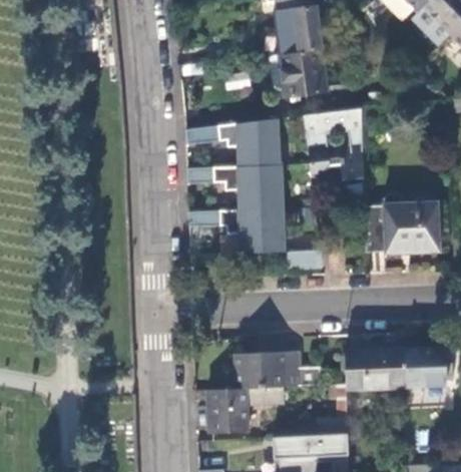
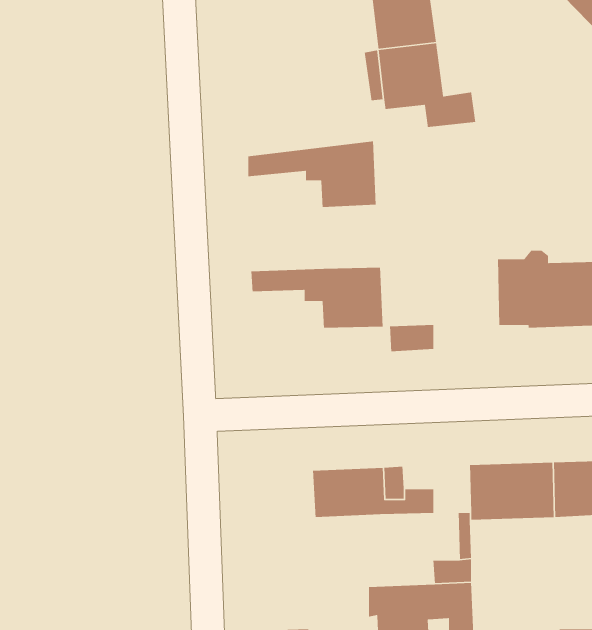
building: [304,109,364,181] -> none
building: [187,164,282,209] -> none
building: [207,386,282,432] -> none

